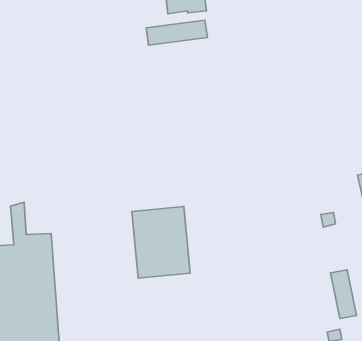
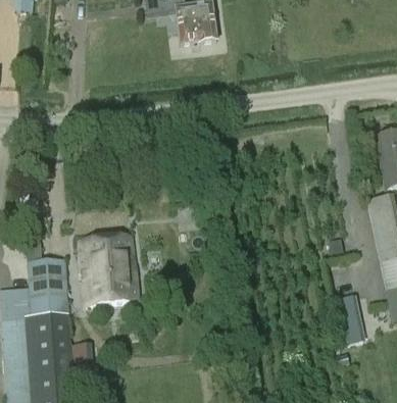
building: [146,20,207,45] -> none
building: [132,206,190,278] -> [79,233,136,303]

